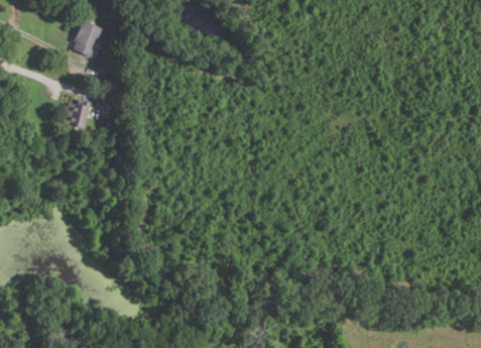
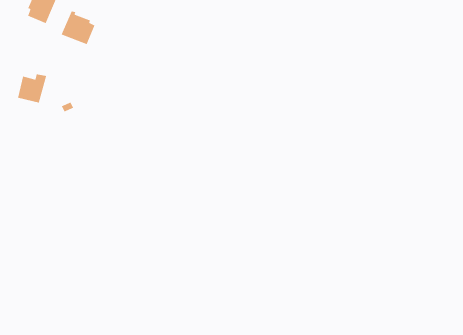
building: none -> [61,11,95,45]

